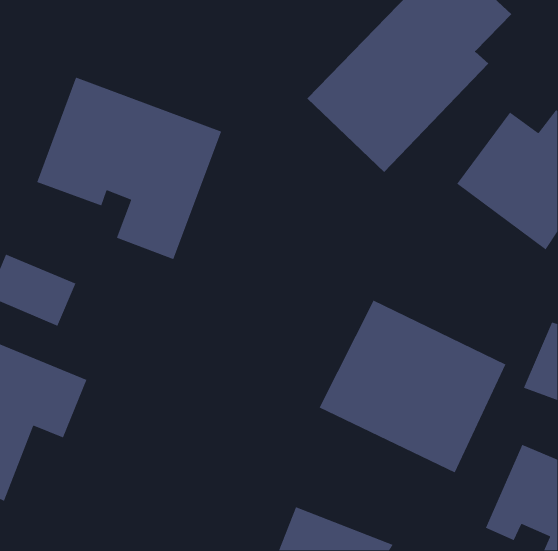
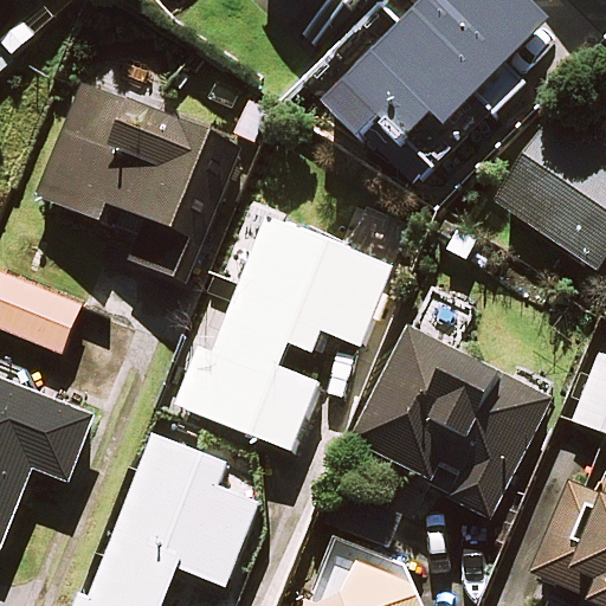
building: none -> [176,212,395,444]
building: none -> [97,431,262,584]

